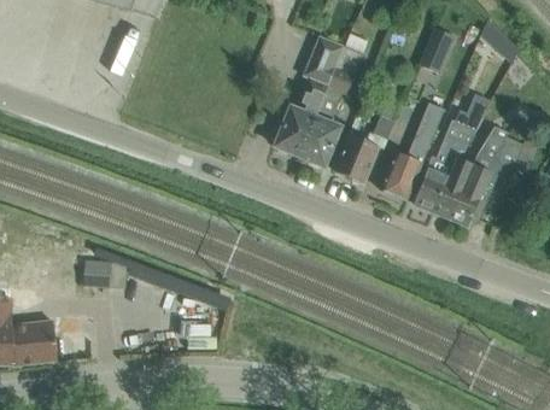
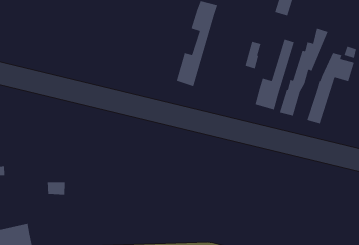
building: [299,46,362,165] -> none
building: [334,134,378,182] -> none
building: [432,148,472,217] -> none

